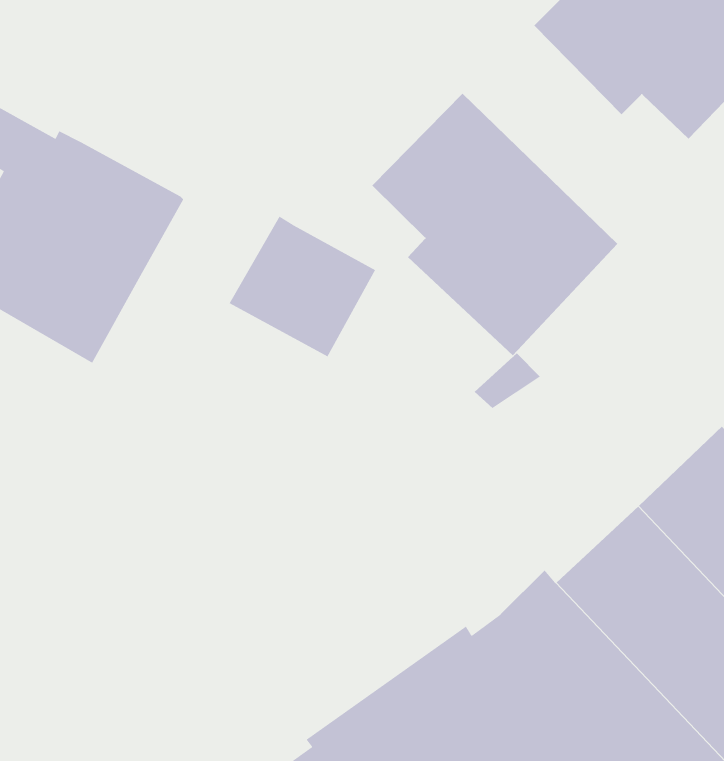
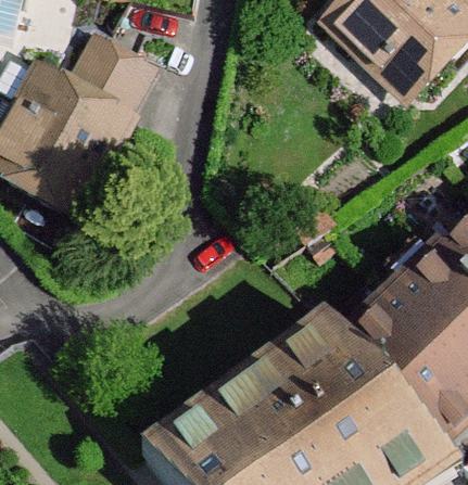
building: [371,93,618,356] -> none
building: [229,216,376,358] -> [64,33,150,115]

